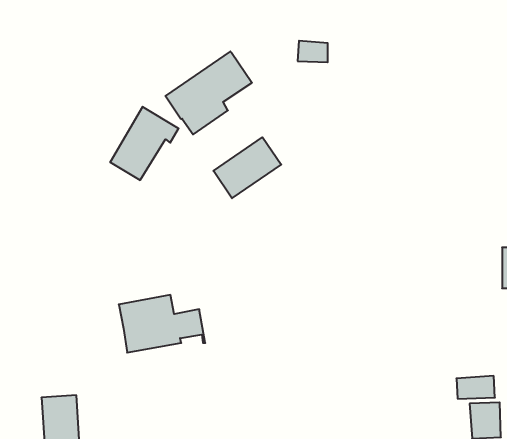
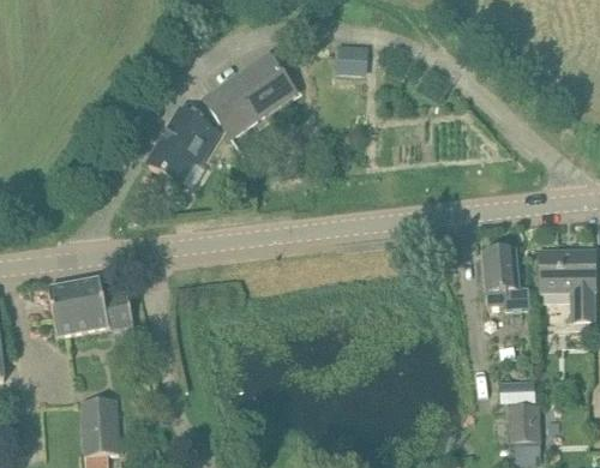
building: [213,137,281,198] -> none
building: none -> [482,247,530,307]
building: [119,295,205,353] -> [48,277,134,335]

